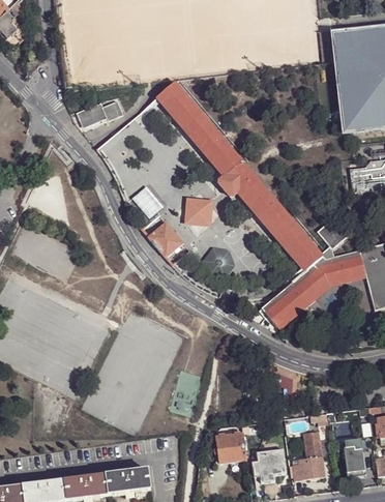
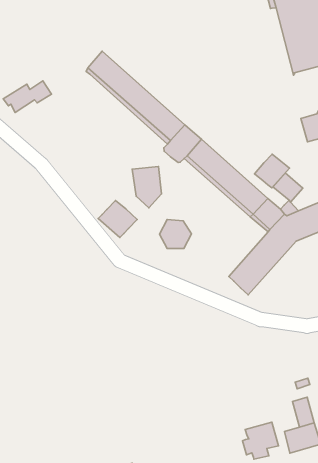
building: [128,188,161,223] -> none
building: none -> [255,154,290,188]
building: [216,433,246,463] -> none

